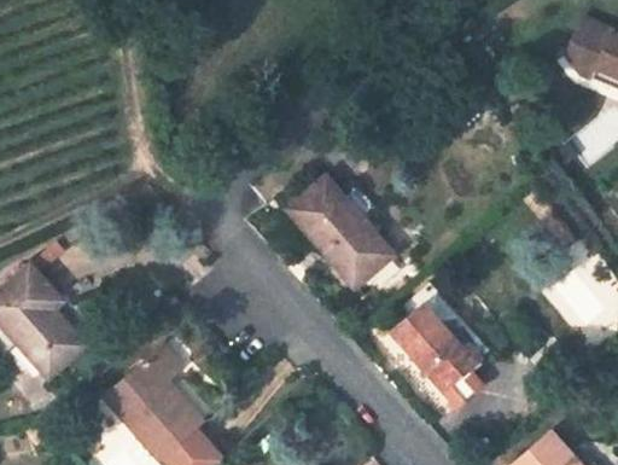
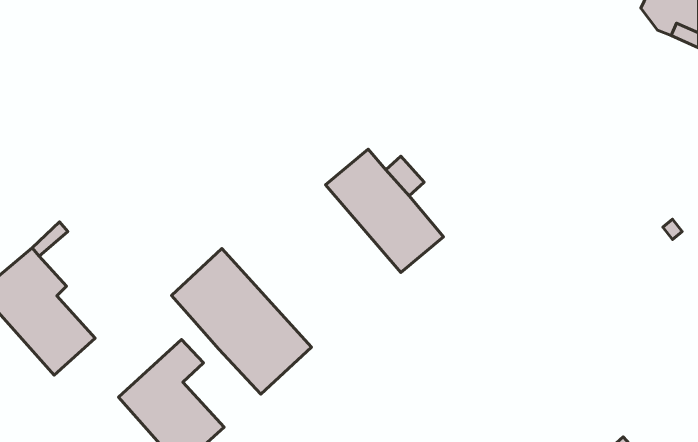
building: none -> [171,249,311,394]
building: [392,293,488,407] -> none

